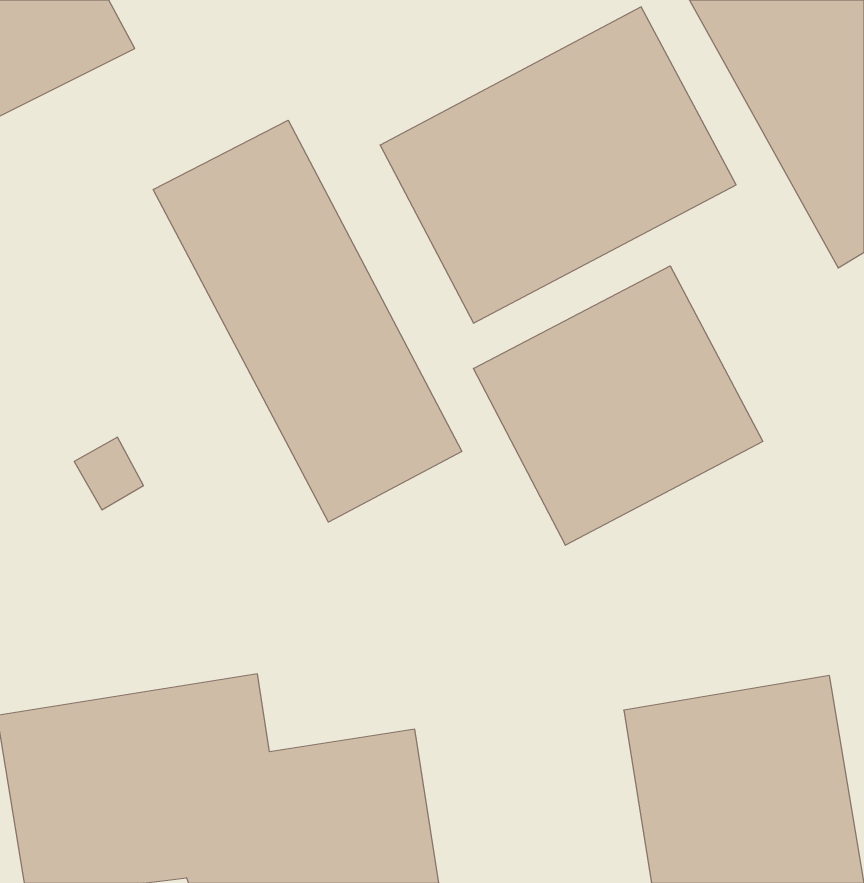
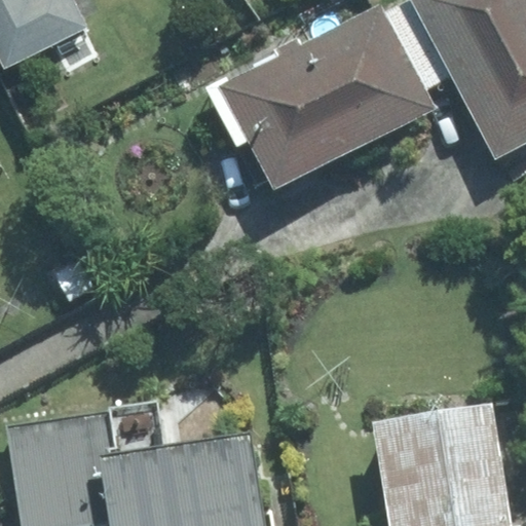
building: [153,120,462,522] -> none
building: [473,266,763,545] -> none

